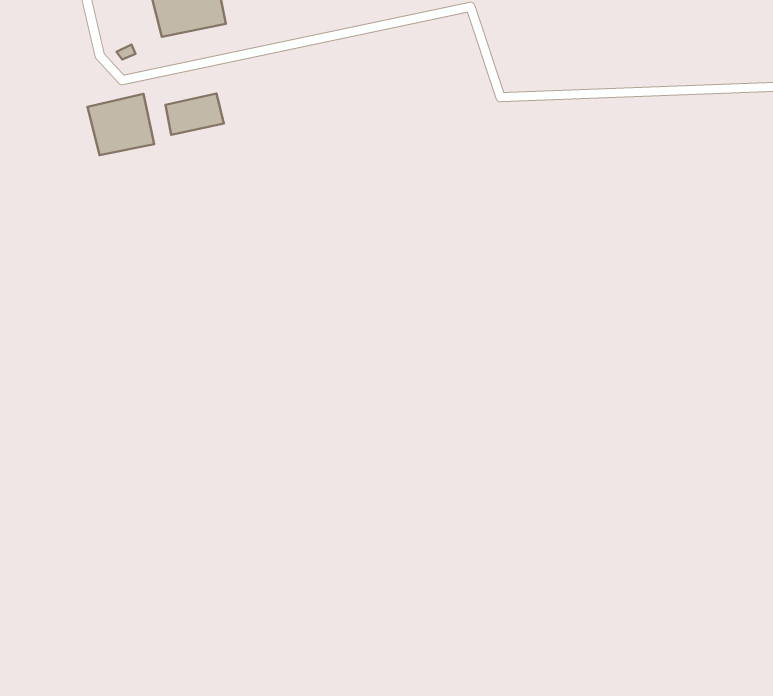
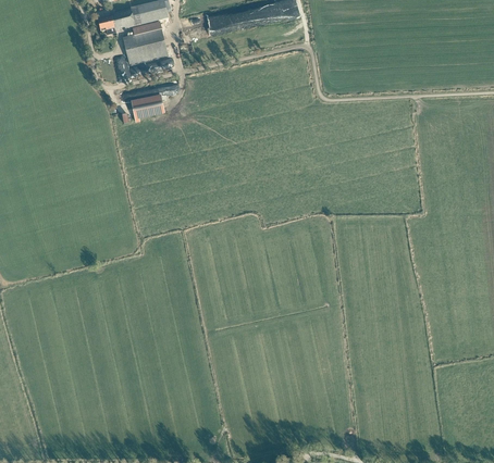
building: [87,94,154,155] -> none

